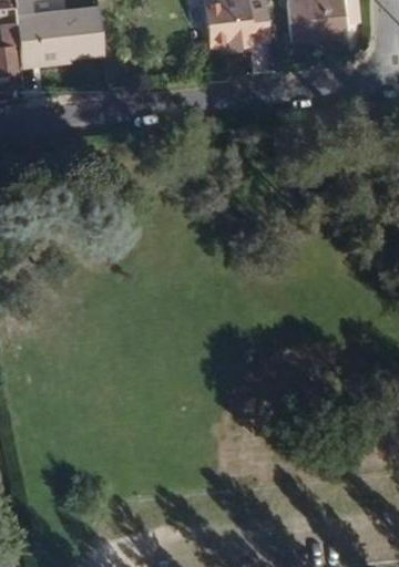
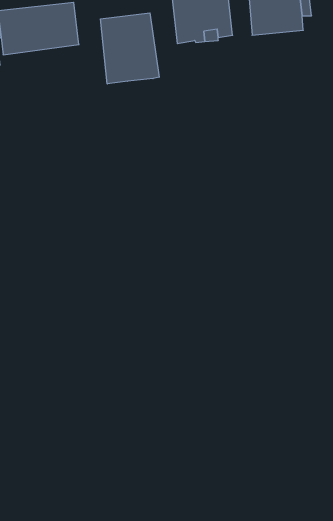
building: none -> [101,13,159,84]

